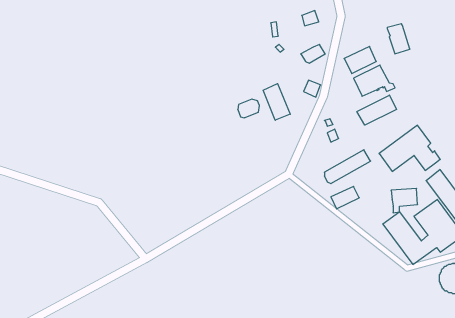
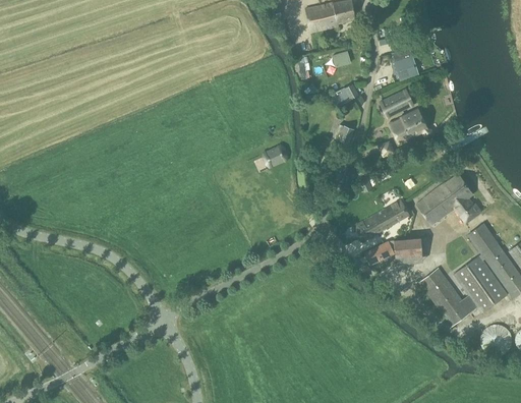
building: [387,24,410,54] -> [393,47,417,79]
building: [263,84,290,120] -> none
building: [357,95,397,125] -> none
building: [391,188,418,213] -> [394,237,422,264]

